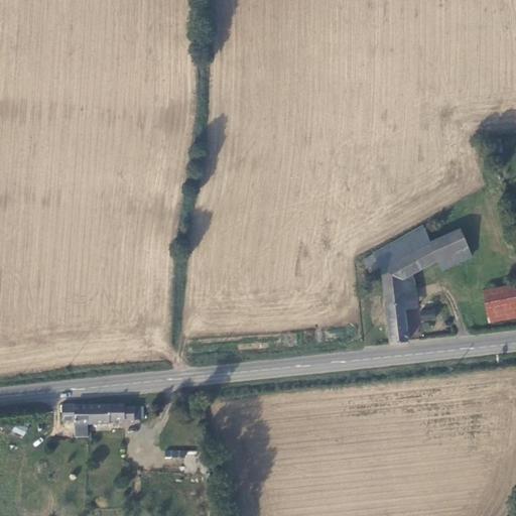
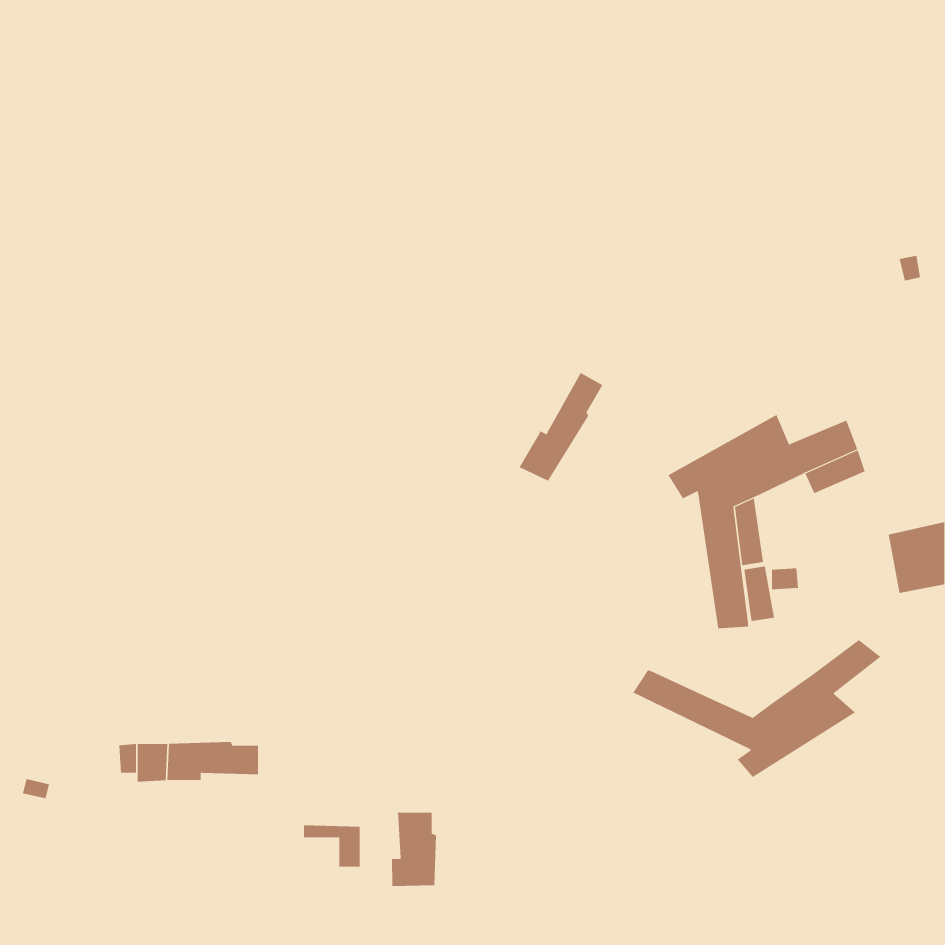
building: none -> [519,372,603,482]
building: none -> [632,639,881,778]
building: none -> [391,812,437,887]

